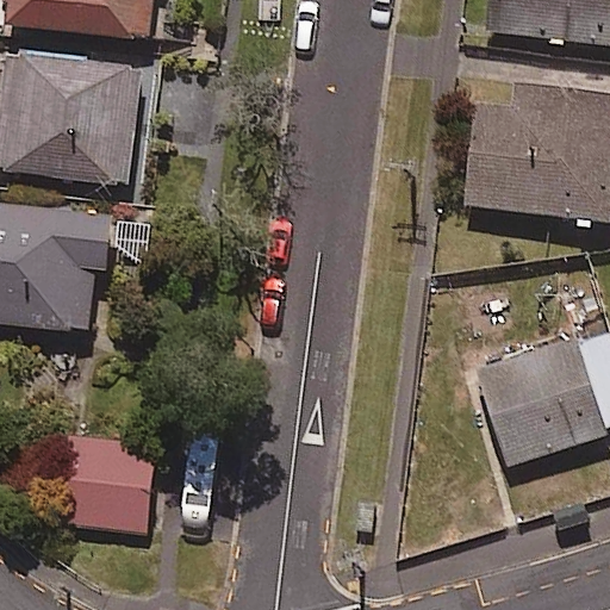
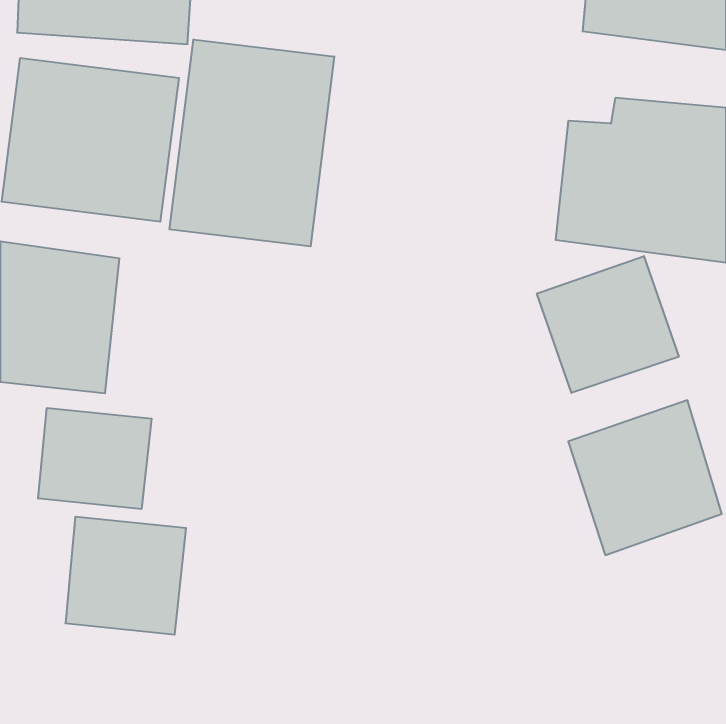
building: none -> [170,39,334,246]
building: none -> [537,256,679,393]
building: none -> [38,408,152,509]

